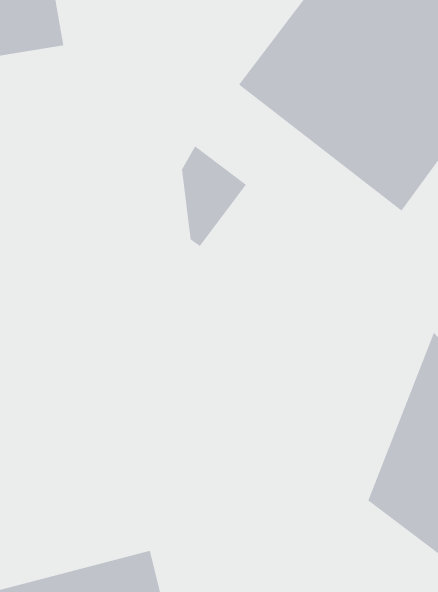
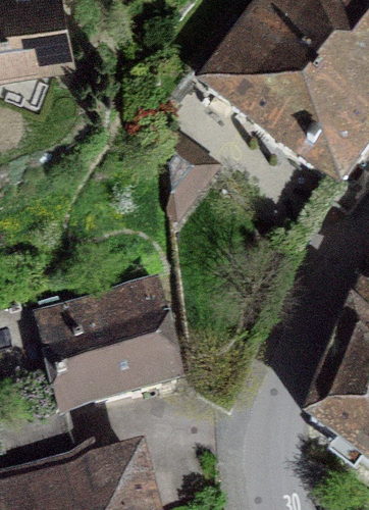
building: none -> [36,282,178,410]

